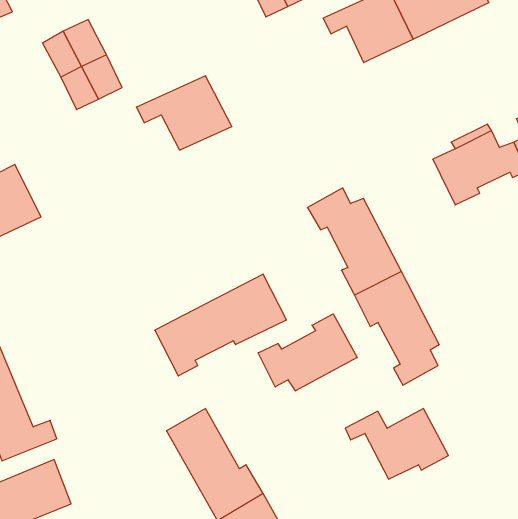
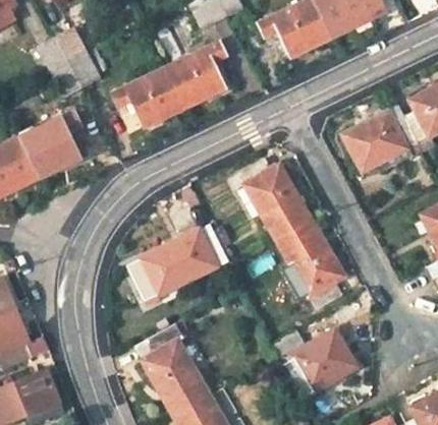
building: none -> [164,43,227,109]
building: none -> [15,110,81,179]
building: [258,314,357,391] -> none

